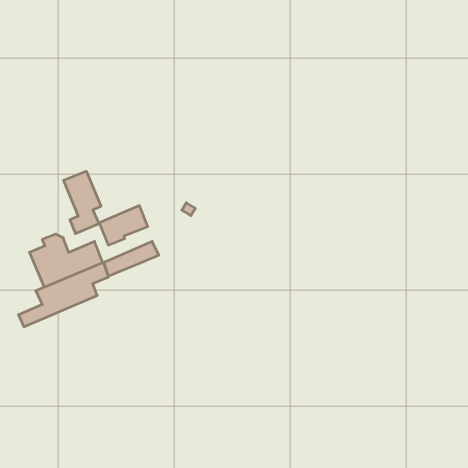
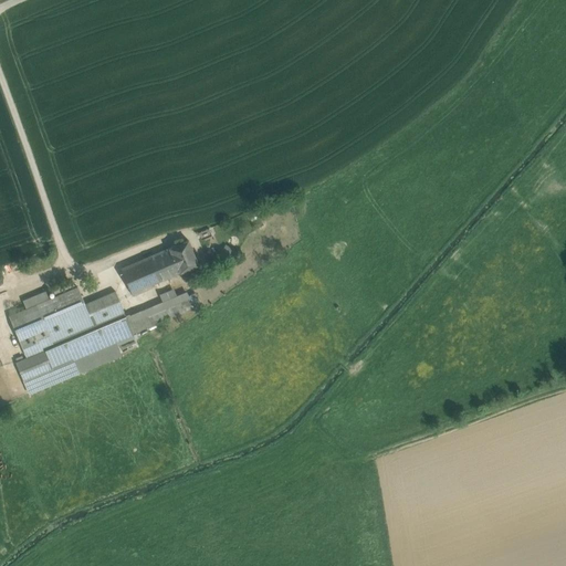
building: [64,171,101,234] -> [8,305,53,380]
building: none -> [168,241,197,274]

